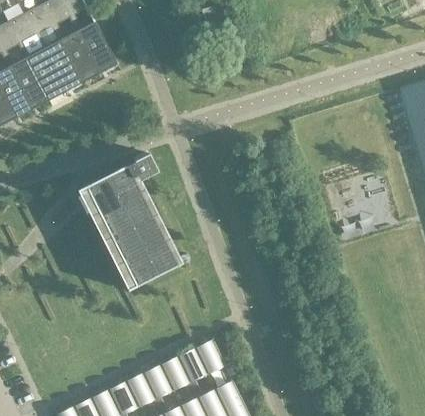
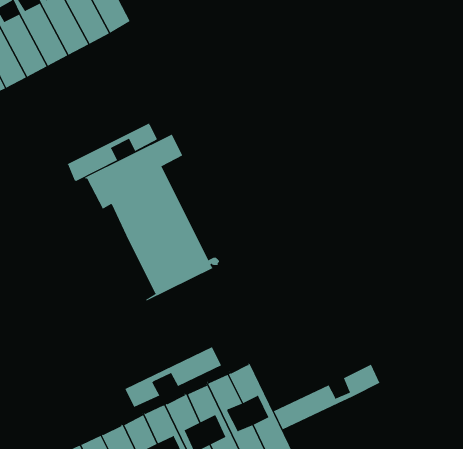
building: none -> [65,121,160,182]
building: none -> [123,346,224,409]
building: none -> [273,364,380,430]

